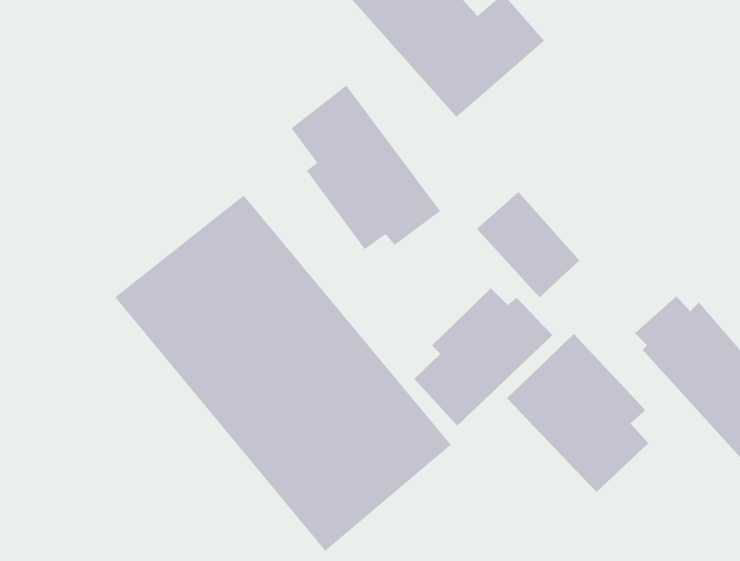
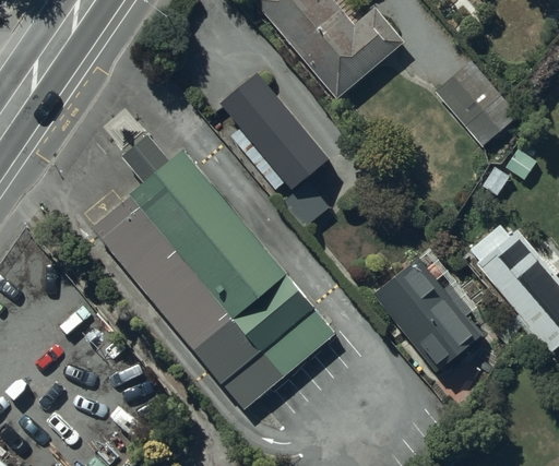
building: [476,191,580,298] -> [432,67,508,144]
building: [414,288,553,427] -> none

